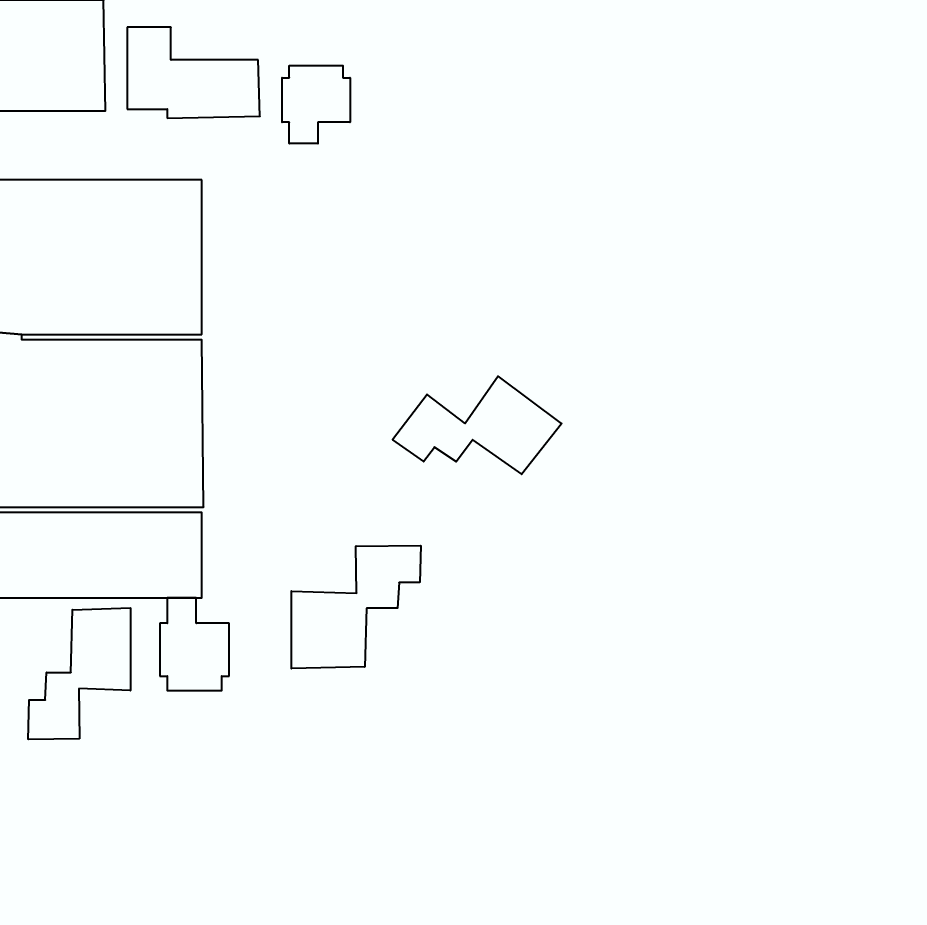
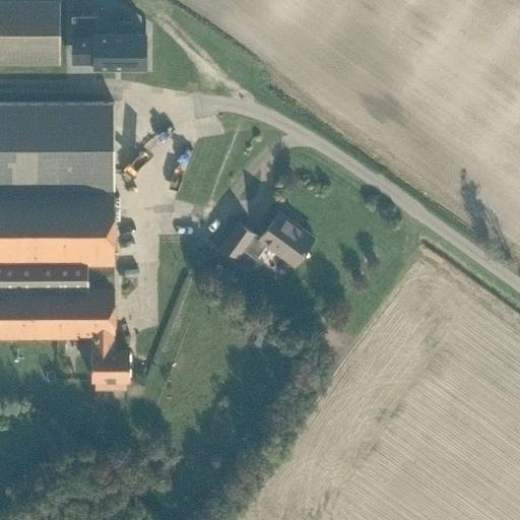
building: [282,66,350,144] -> none
building: [291,546,421,669] -> none
building: [28,608,130,739] -> none

